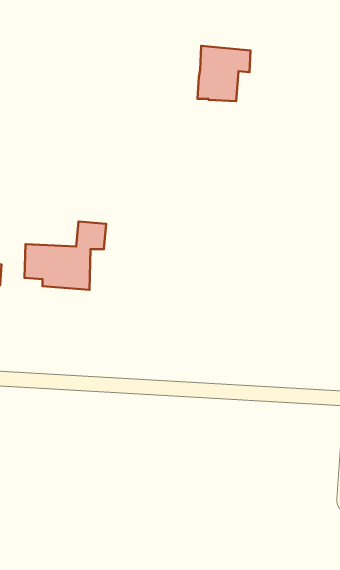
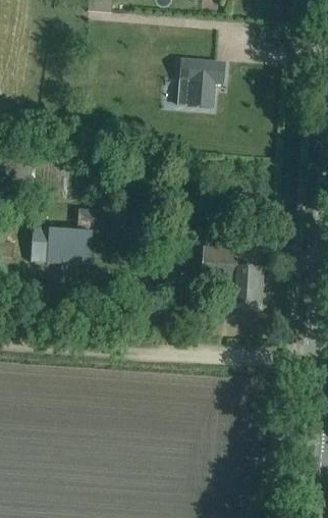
building: none -> [203,246,264,306]

